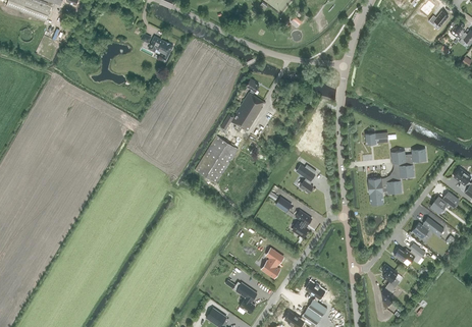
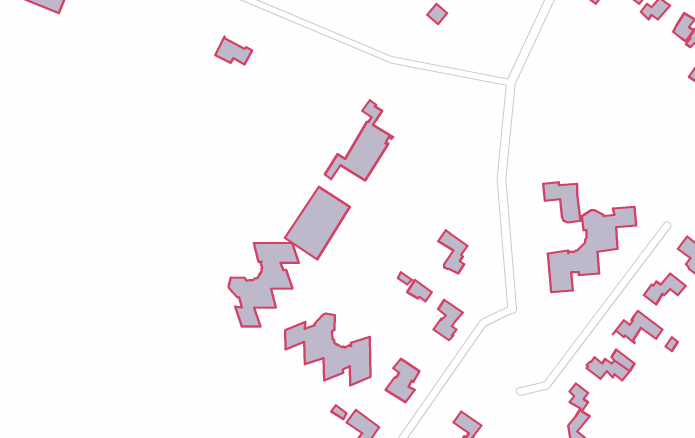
building: none -> [229,243,299,326]
building: none -> [285,313,370,385]

